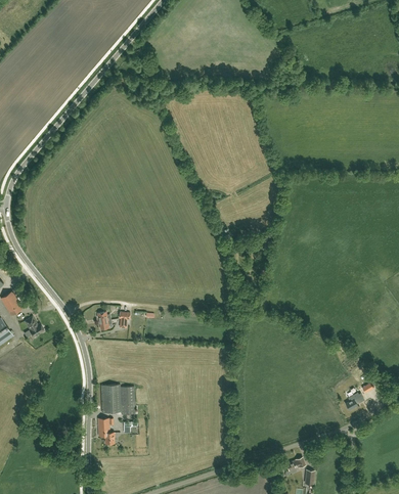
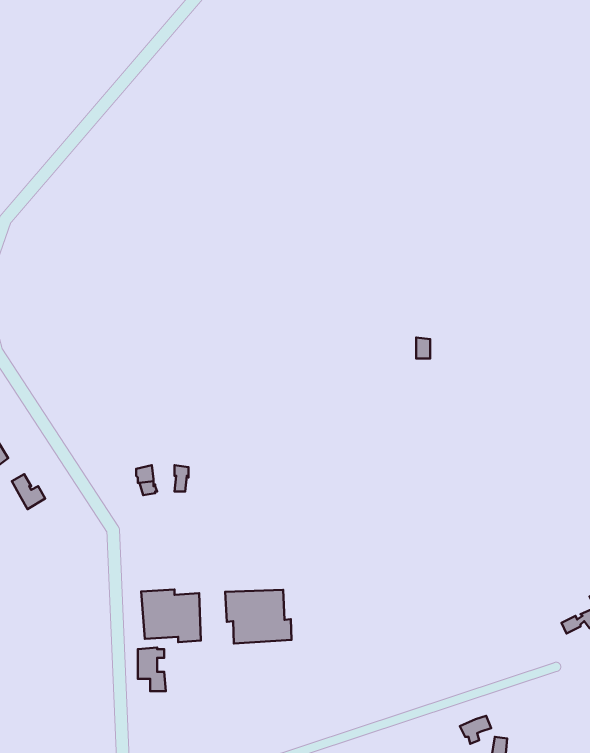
building: none -> [225,590,291,643]

